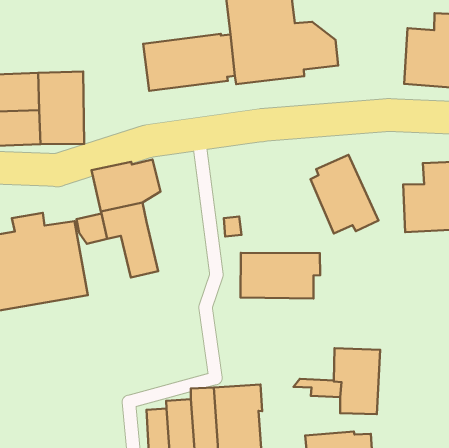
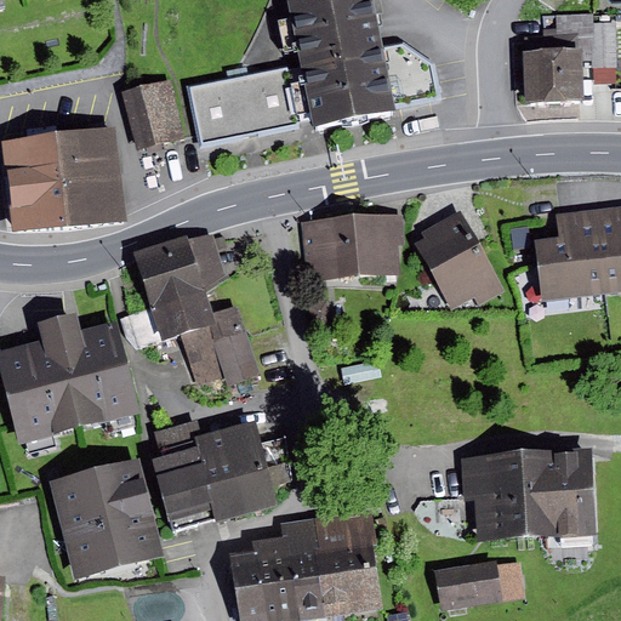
building: none -> [123,79,186,147]
building: none -> [210,303,260,383]
building: [240,253,320,298] -> [302,215,405,279]
building: none -> [150,418,291,532]
building: none -> [50,457,163,579]
building: none -> [520,451,596,536]

